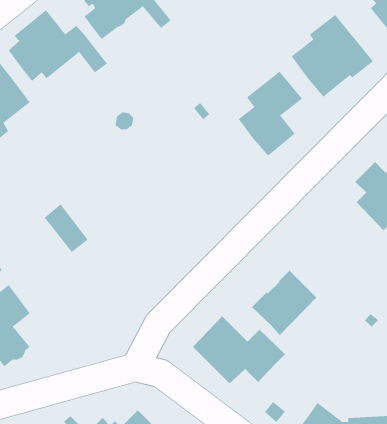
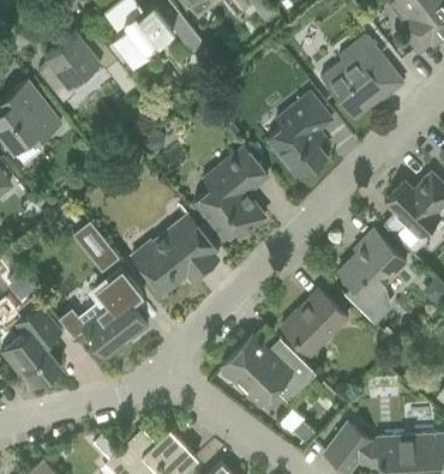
building: none -> [193,148,268,238]
building: none -> [137,215,217,294]
building: none -> [338,230,407,322]
building: none -> [58,269,146,356]

